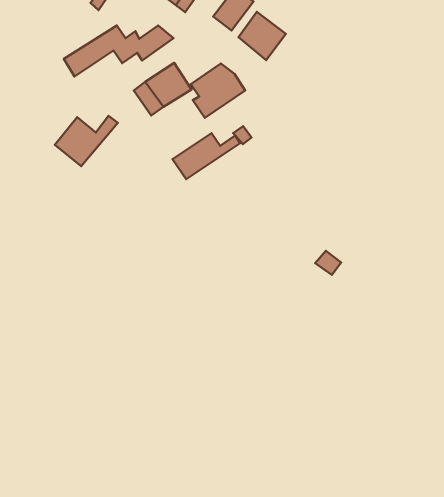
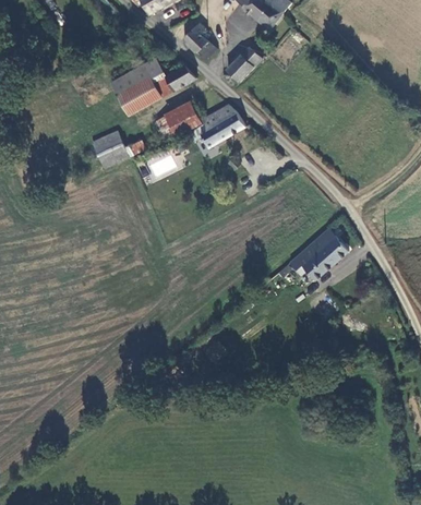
building: [239,12,286,60] -> none
building: [173,133,240,179] -> [109,83,165,117]
building: none -> [304,227,350,280]

